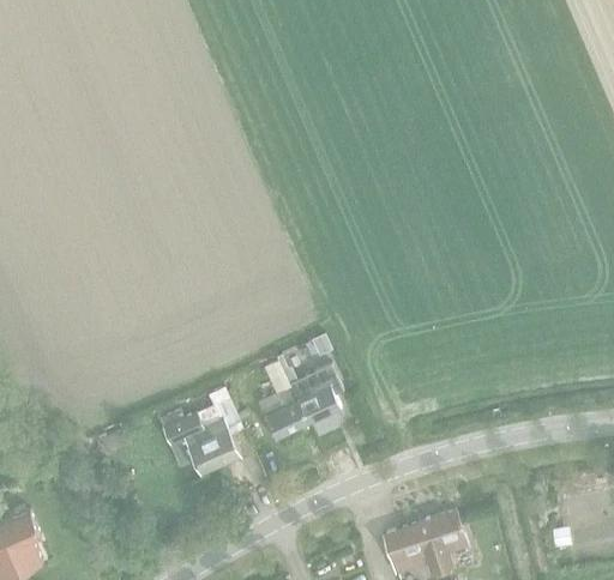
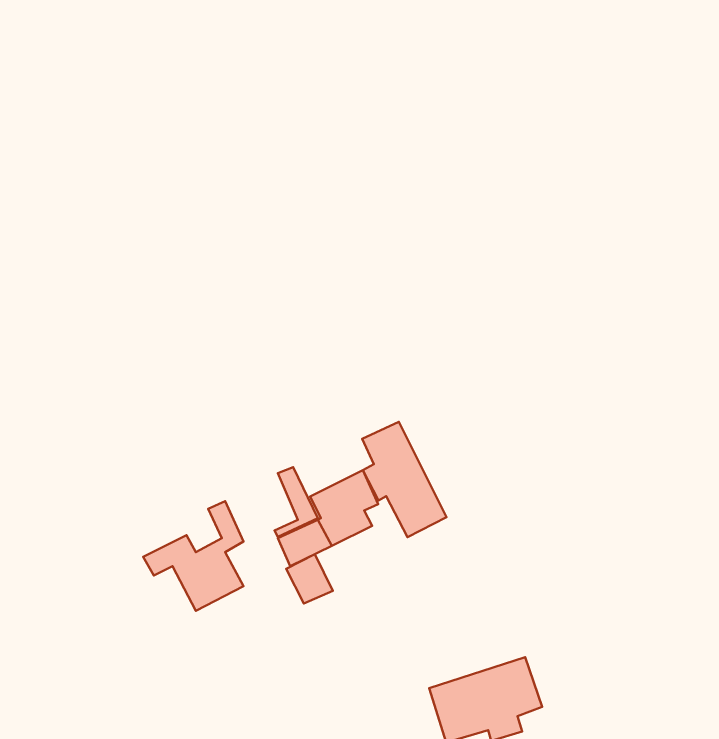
building: none -> [362,422,447,537]
building: none -> [286,554,333,604]

